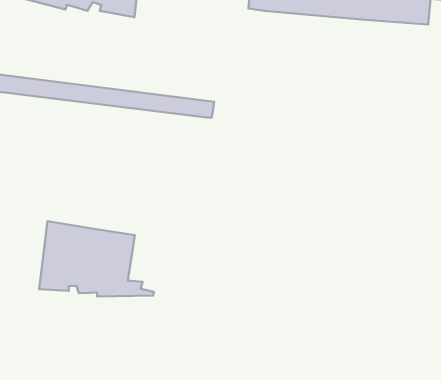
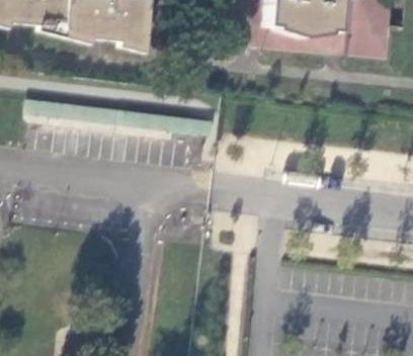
building: [39,221,154,296] -> none

